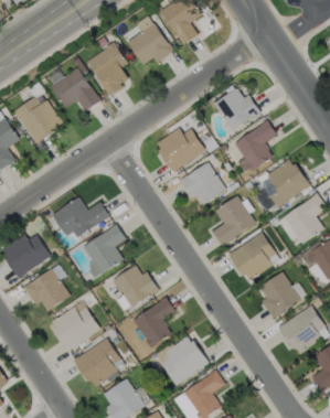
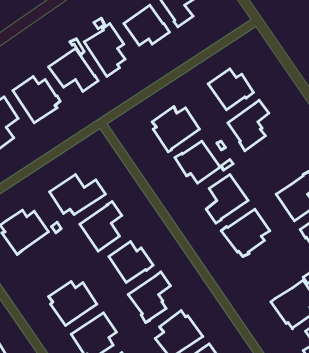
building: [264,159,310,207] -> none
building: [23,268,71,311] -> none
building: [259,271,300,319] -> none

